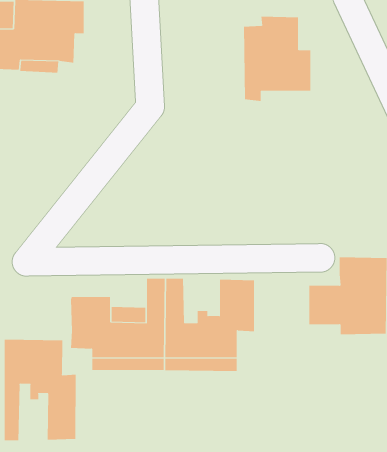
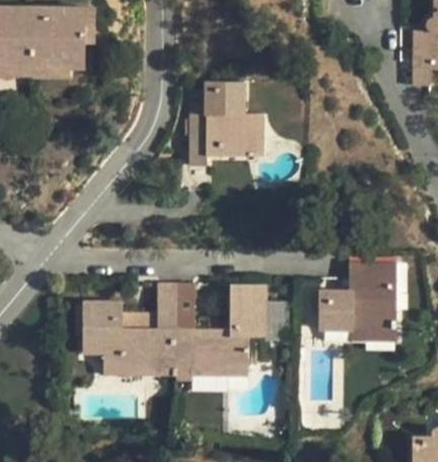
building: [243,16,311,101] -> [188,81,256,165]
building: [4,339,76,441] -> none

